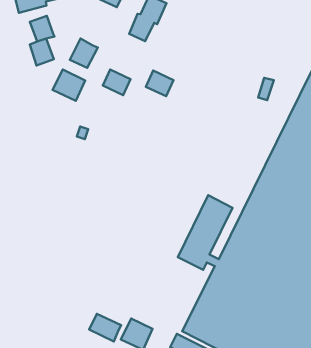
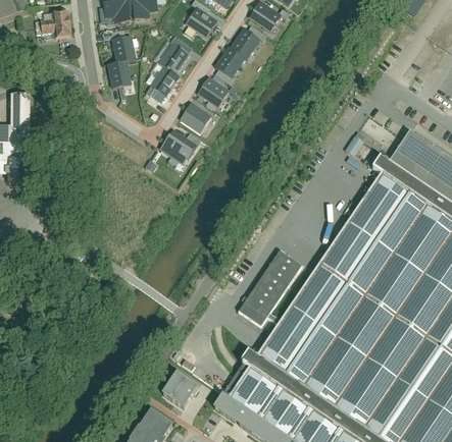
building: none -> [158,36,192,71]
building: [52,69,85,101] -> [160,126,197,162]
building: [146,71,173,96] -> [198,74,229,104]
building: [89,314,121,341] -> none

